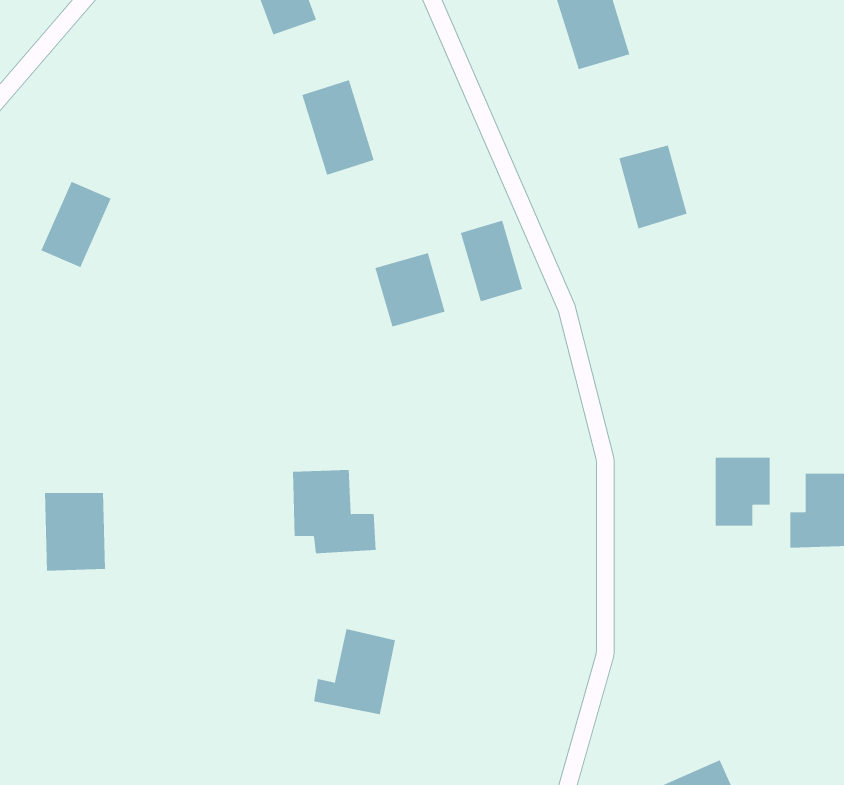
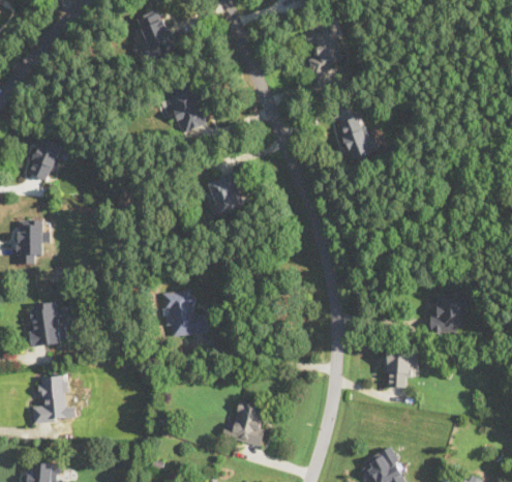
building: [460,220,523,302] -> none
building: none -> [16,221,41,263]
building: [715,457,770,526] -> [385,351,415,388]
building: none -> [31,374,74,423]
building: [313,628,396,715] -> [221,399,266,446]

